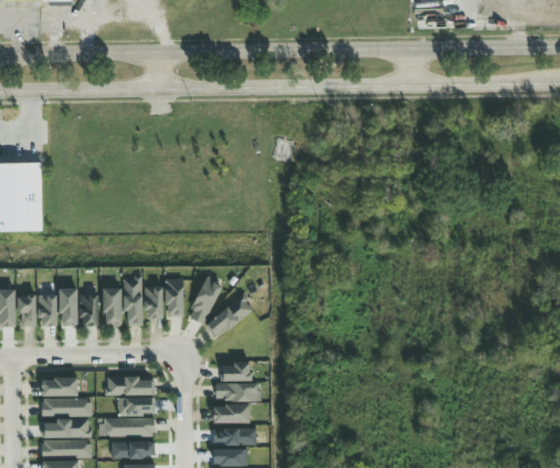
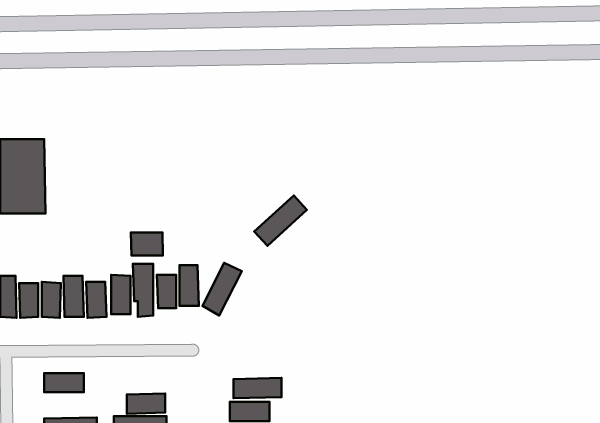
building: none -> [131,233,163,256]
building: [204,294,253,341] -> [254,195,307,246]
building: [220,363,250,381] -> none
building: [105,376,151,396] -> none
building: [41,398,92,416] -> none

